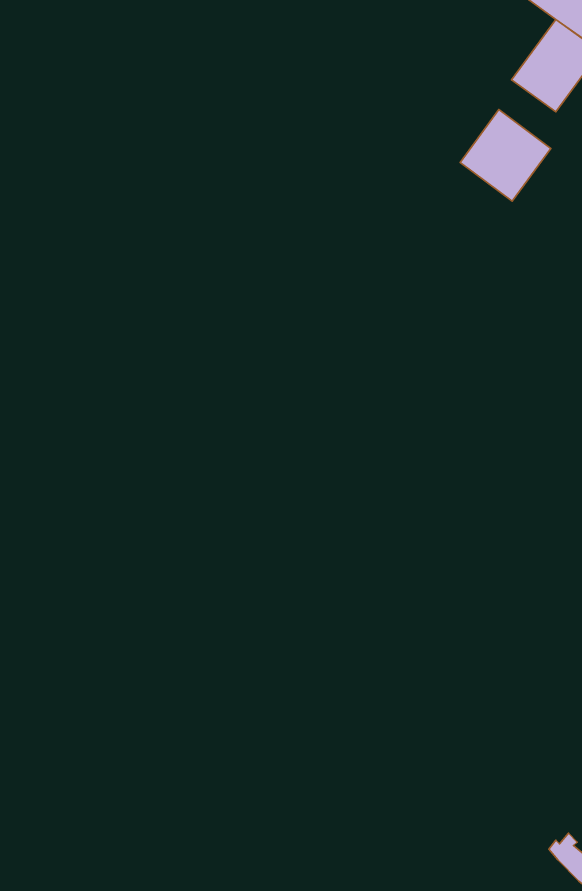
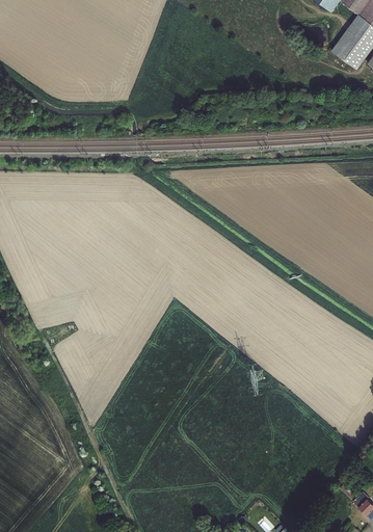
building: [460,110,551,201] -> none

